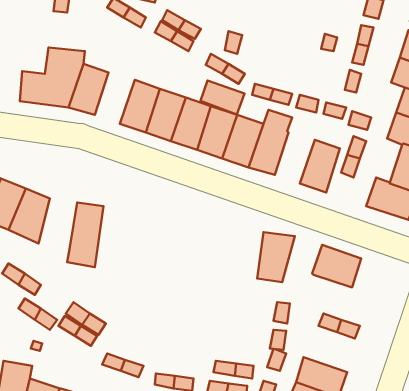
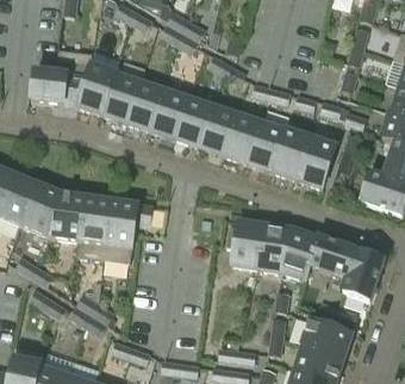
building: none -> [102,72,141,120]
building: [201,81,244,114] -> none
building: none -> [274,129,312,178]
building: none -> [49,192,86,239]
building: none -> [102,199,151,261]
building: none -> [226,221,263,268]
building: none -> [281,228,319,279]
building: none -> [342,249,384,299]
building: none -> [301,318,351,358]

